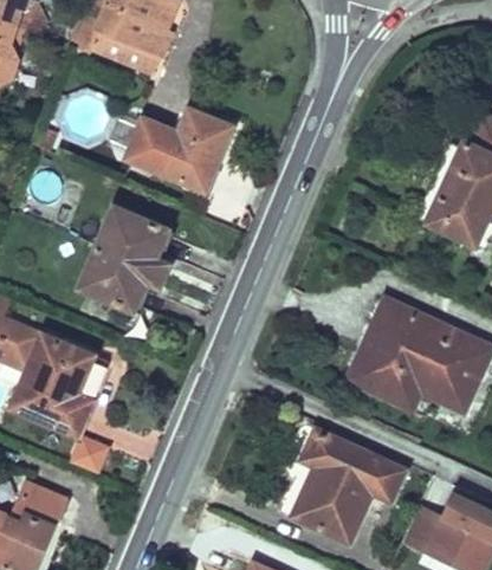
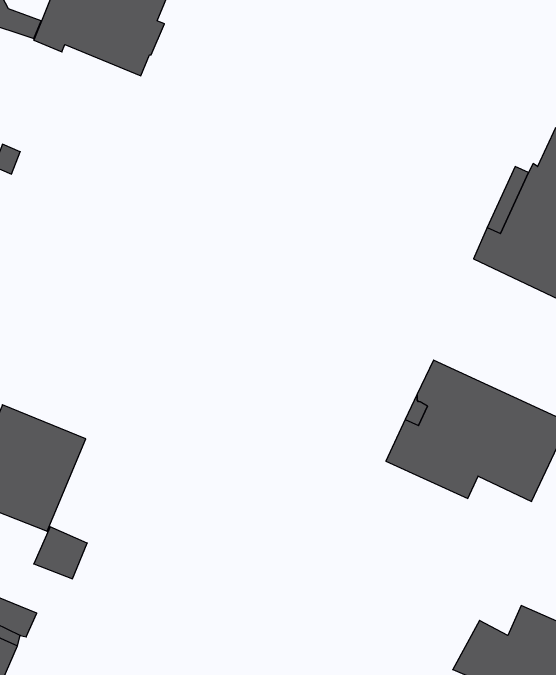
building: [128,109,232,189] -> none
building: [80,207,170,311] -> none
building: [292,429,404,543] -> none

